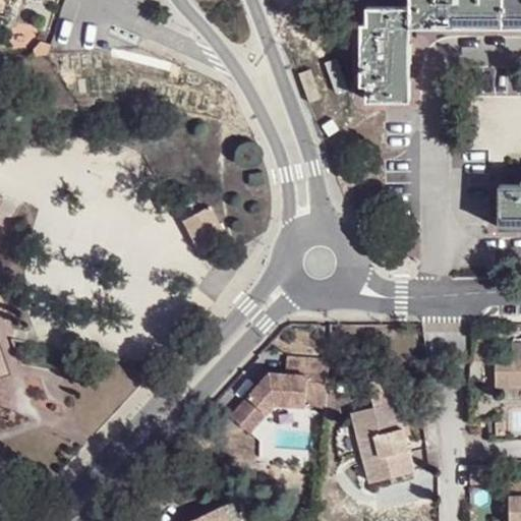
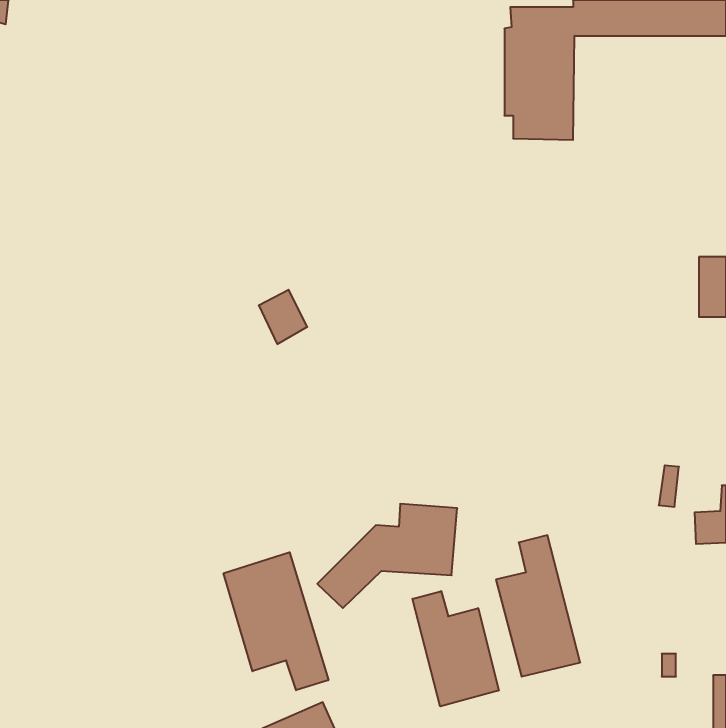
building: none -> [224,552,328,690]
building: none -> [412,591,499,706]

